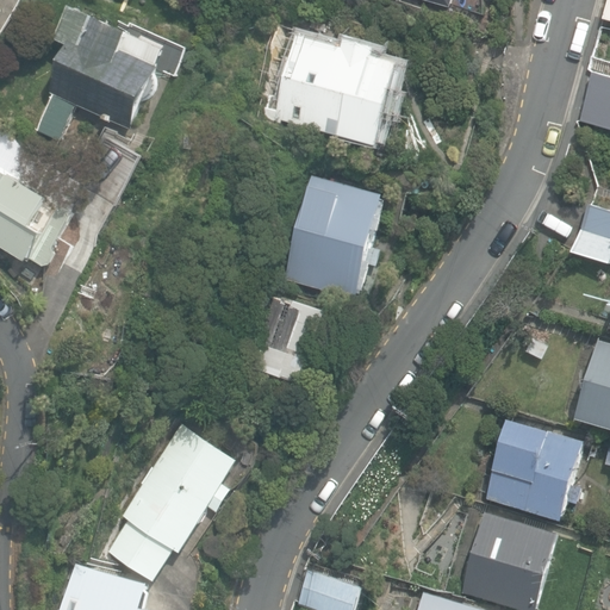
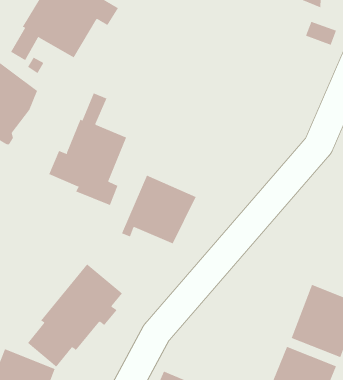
building: [257,36,399,147] -> none
building: [280,174,385,309] -> none
building: none -> [48,93,127,206]

